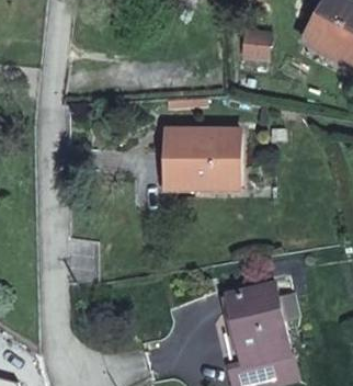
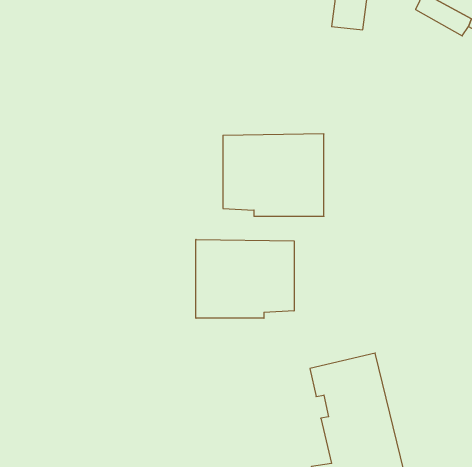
building: none -> [196,239,294,318]

